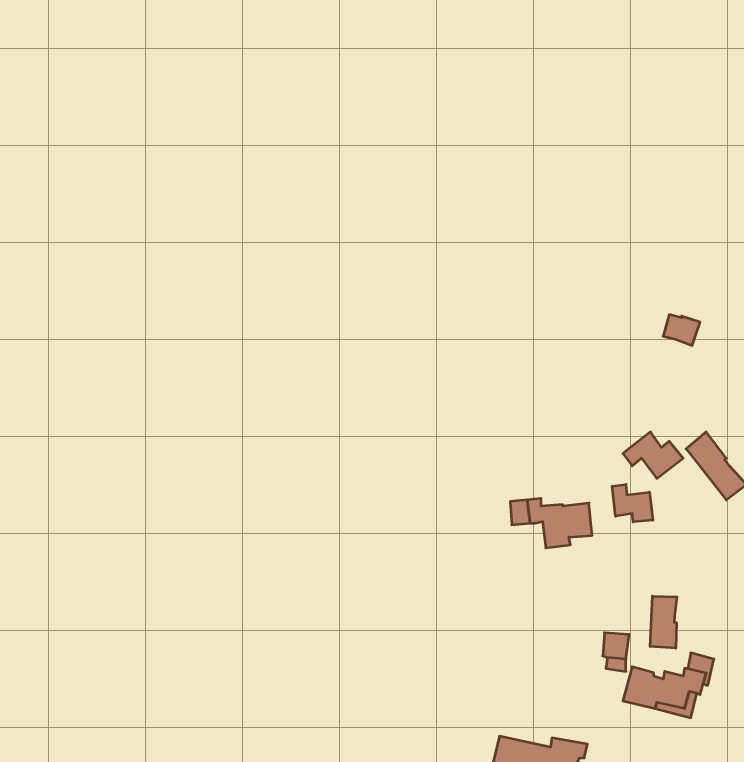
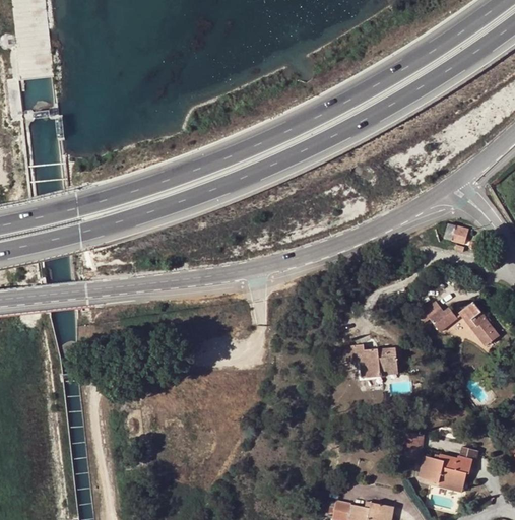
building: [612,484,653,522] -> none
building: [650,596,677,648] -> none

